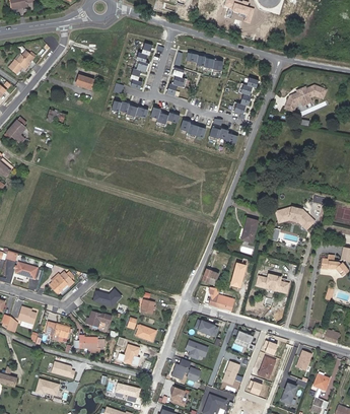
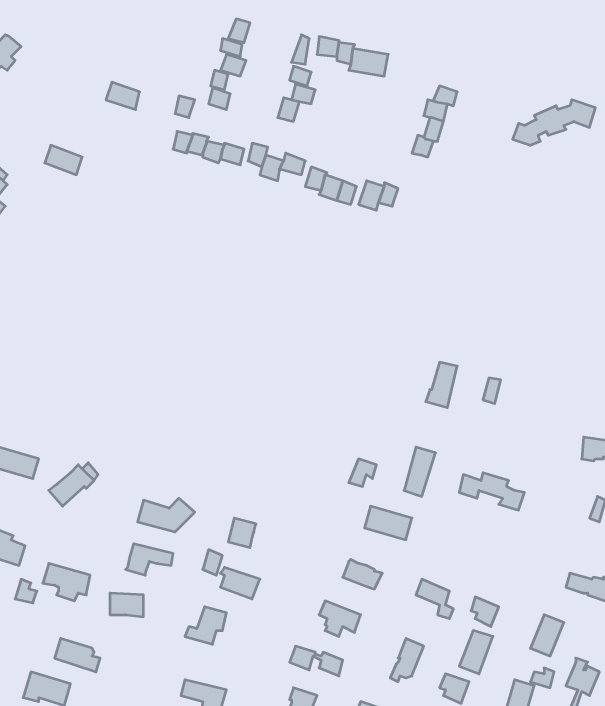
building: [276,208,314,231] -> none

